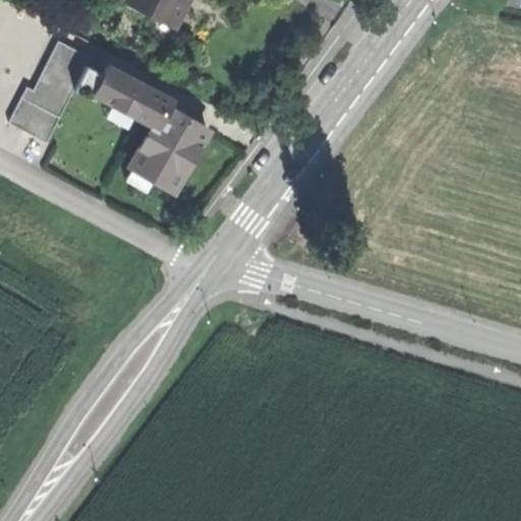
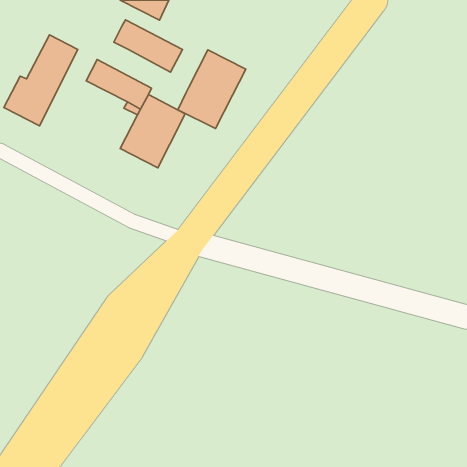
building: none -> [114,20,182,72]
building: none -> [178,50,246,129]

